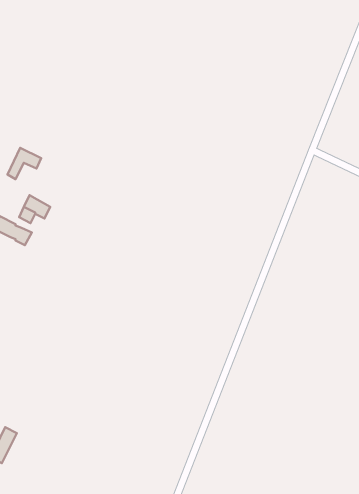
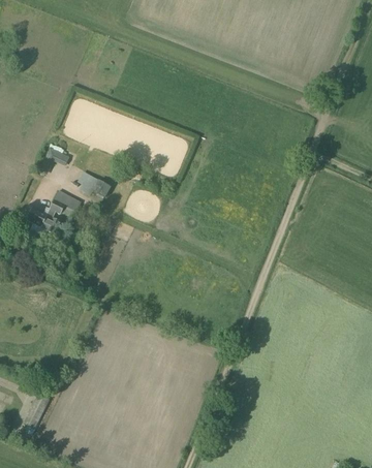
building: none -> [78,171,111,196]

